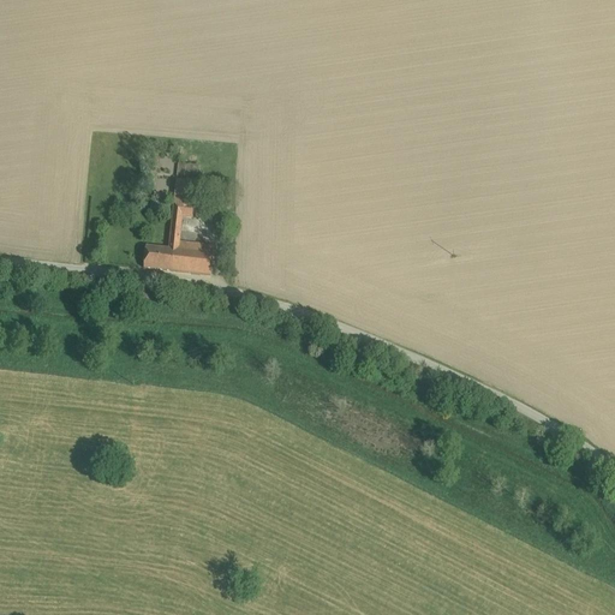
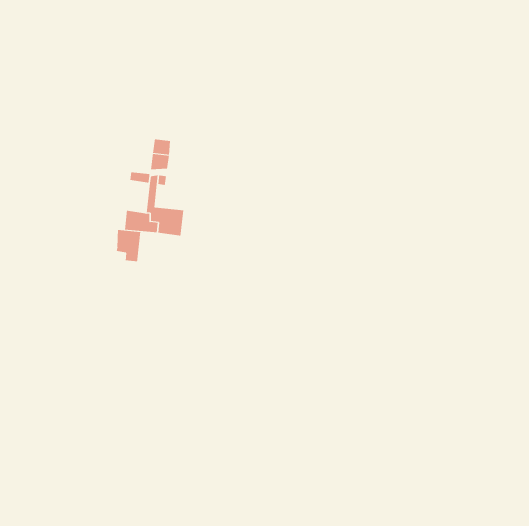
building: none -> [116,229,141,262]

